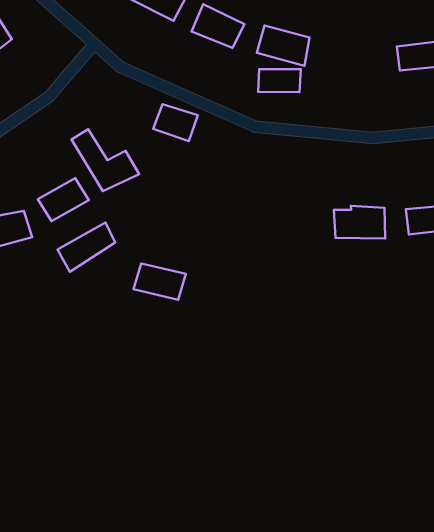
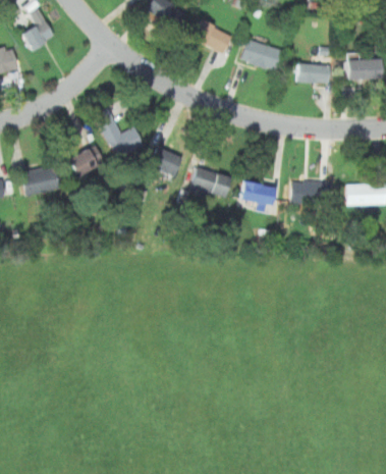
building: [258,69,301,92] -> [297,64,331,84]
building: [153,104,198,141] -> [149,148,183,177]
building: none -> [241,182,275,213]
building: [58,222,115,272] -> none
building: [133,263,186,300] -> [190,168,231,198]

